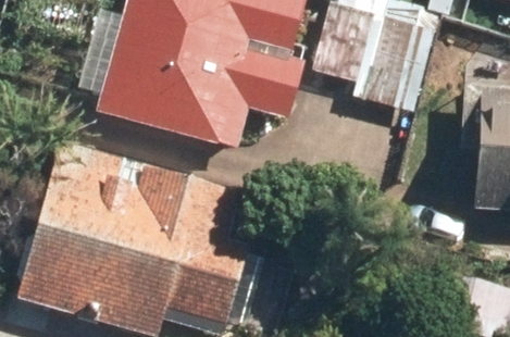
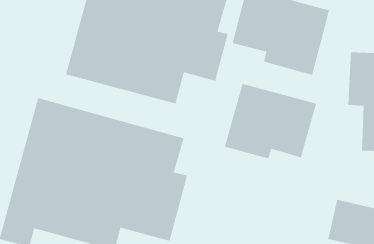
building: none -> [224,83,317,159]

